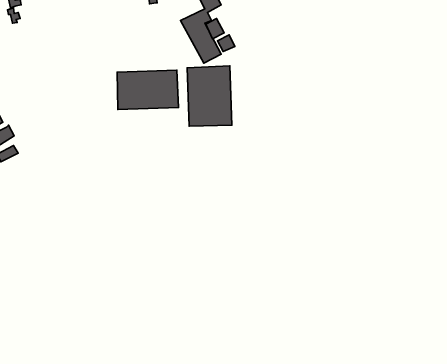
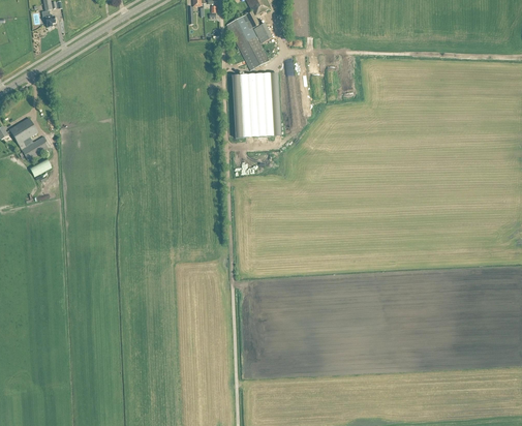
building: [117,70,178,110] -> none

